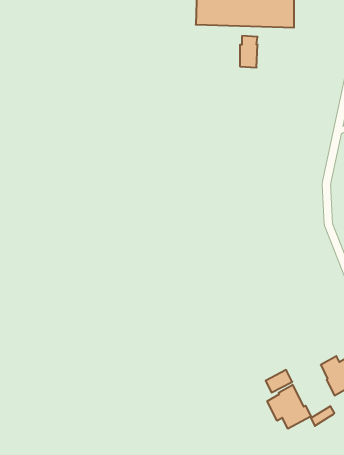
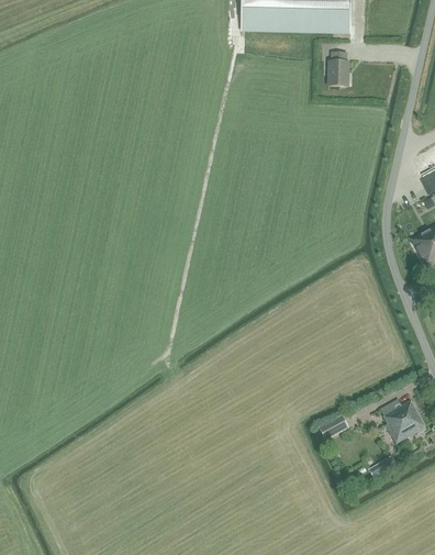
building: [240,36,258,67] -> [327,52,347,87]
building: [267,385,311,429] -> none

